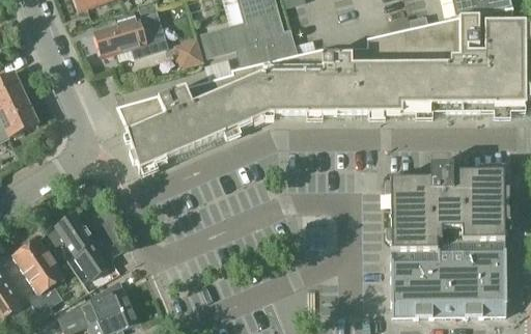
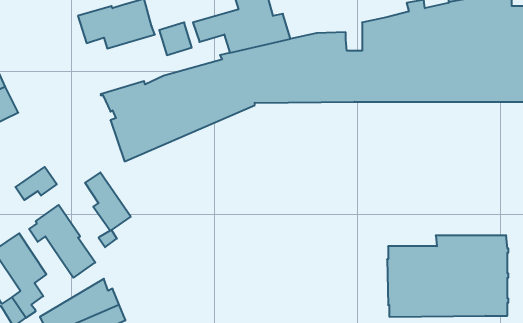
building: [385,164,510,250] -> none
building: none -> [15,167,57,200]
building: none -> [85,172,131,231]

